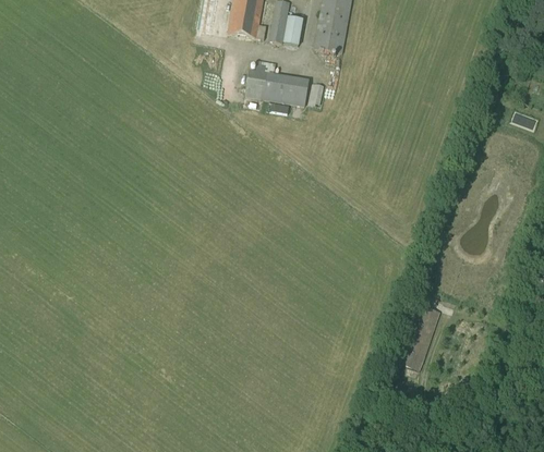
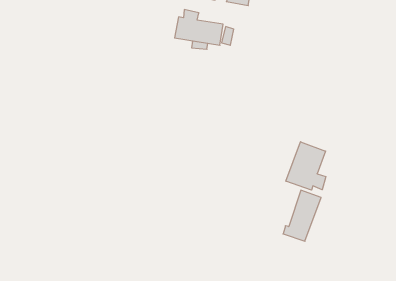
building: none -> [286,142,326,190]

